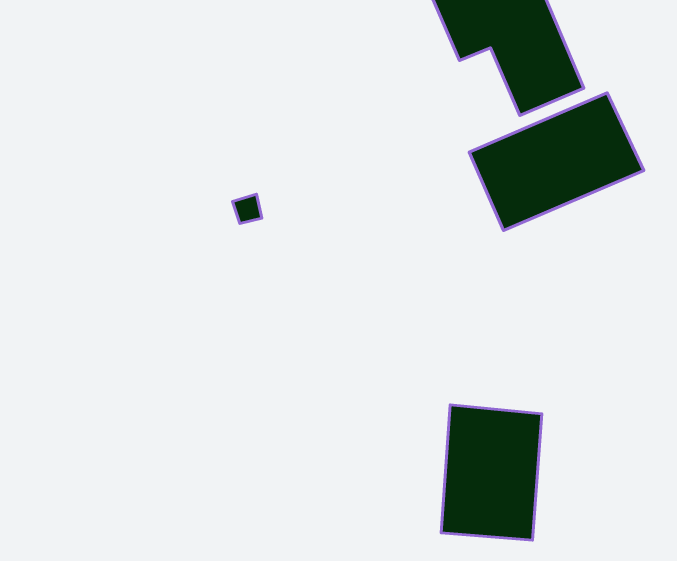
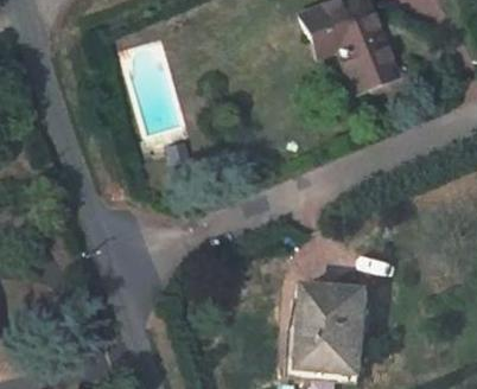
building: [469,93,644,230] -> none

